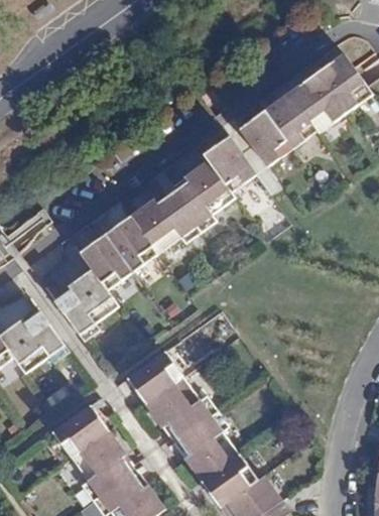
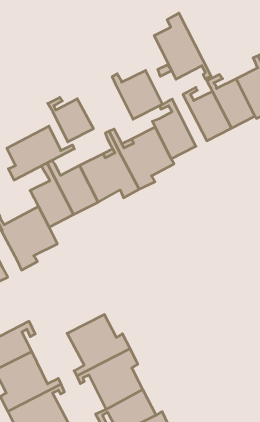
building: none -> [154,13,211,79]
building: none -> [112,70,162,119]
building: none -> [48,97,93,142]
building: none -> [7,126,74,180]
building: [117,350,183,403] -> none

